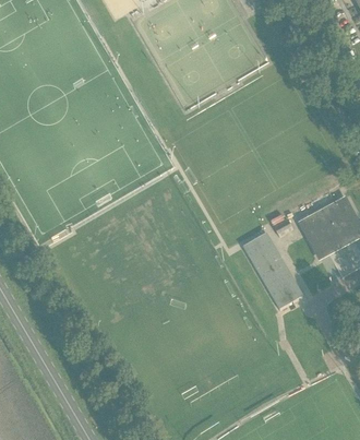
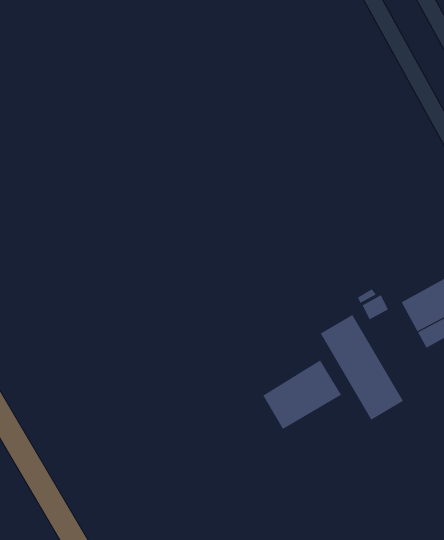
building: none -> [263,360,342,430]

